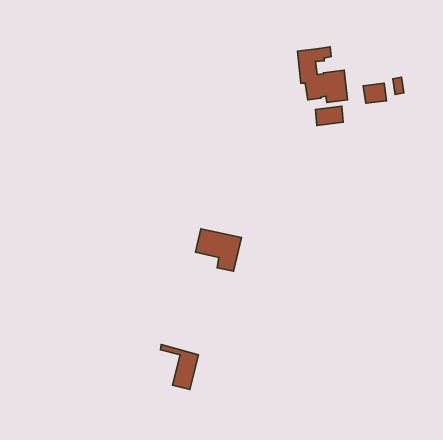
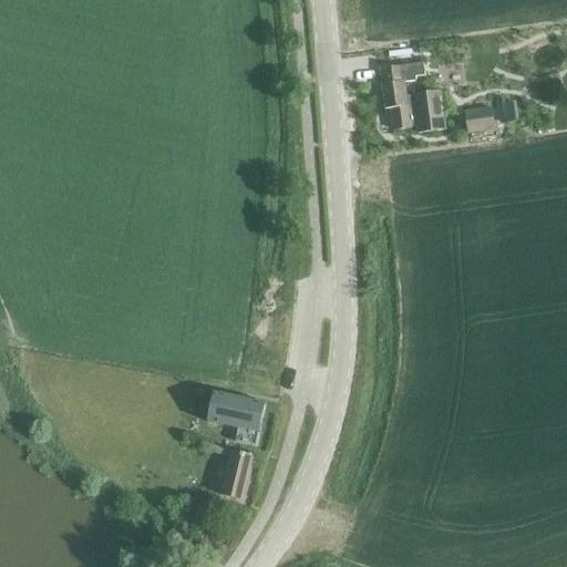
building: [315,106,343,125] -> none
building: [195,229,241,271] -> [207,389,266,443]

